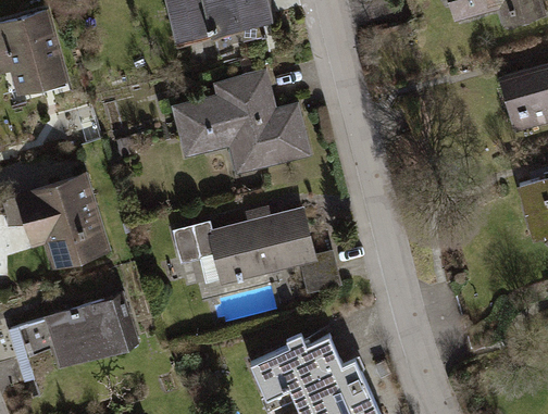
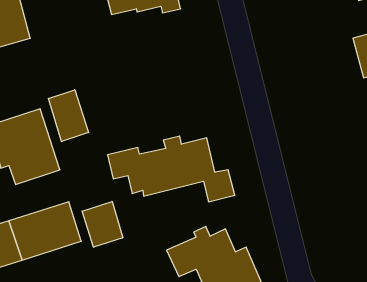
building: [171,70,311,189] -> none
building: none -> [48,90,89,142]
building: none -> [82,201,123,247]

